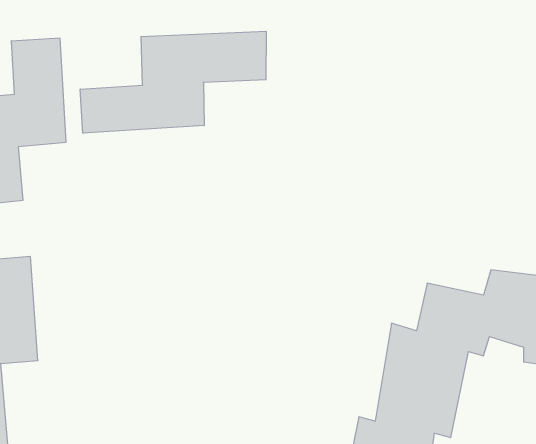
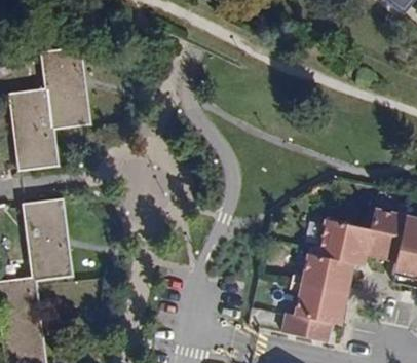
building: [80,31,266,133] -> none

